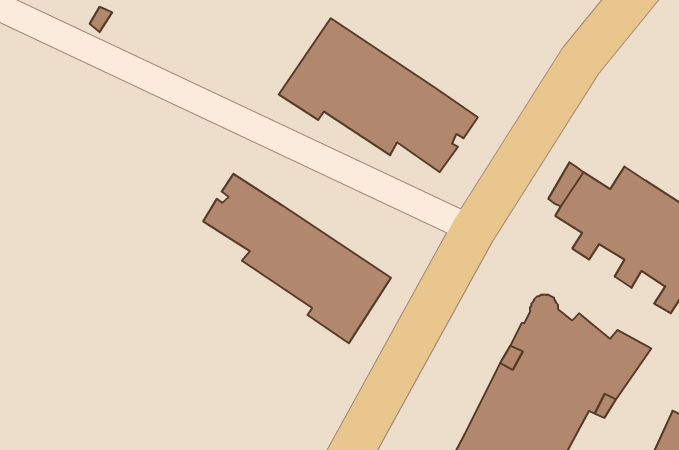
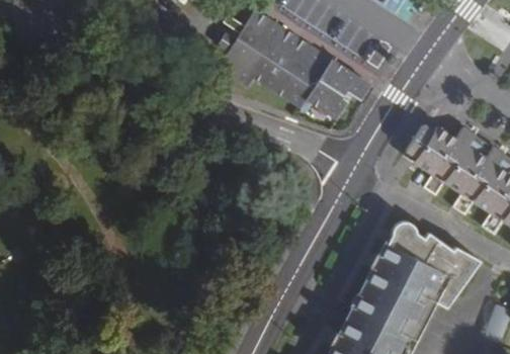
building: [203,174,391,343] -> none

